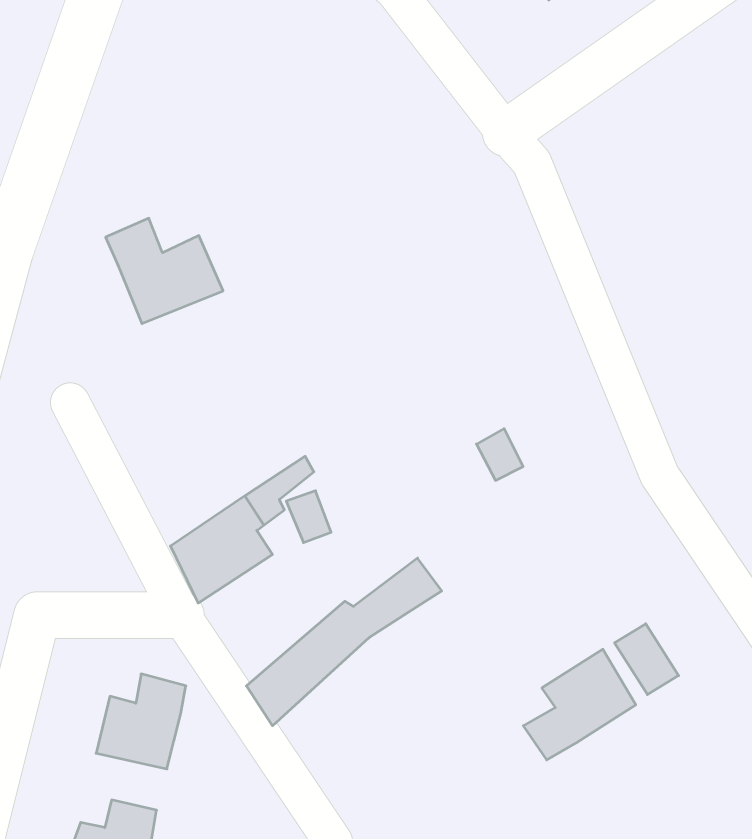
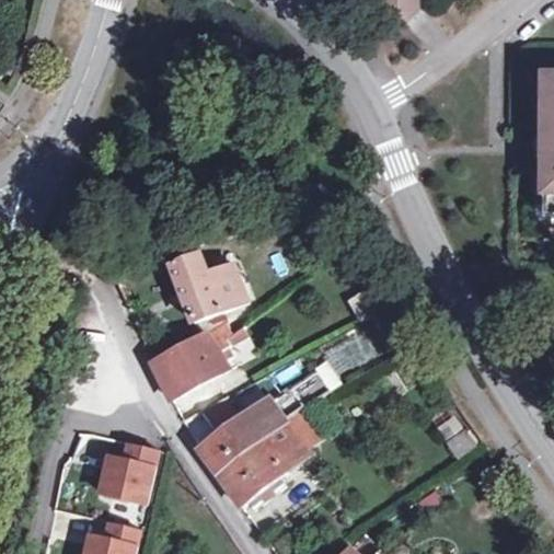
building: [106,218,223,324] -> [170,252,244,319]
building: none -> [213,406,313,505]
building: [523,649,636,760] -> none

